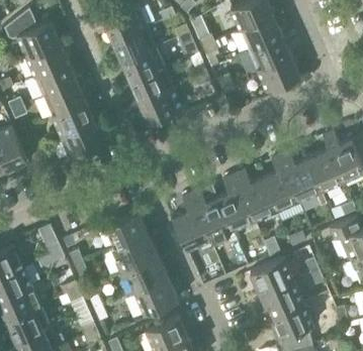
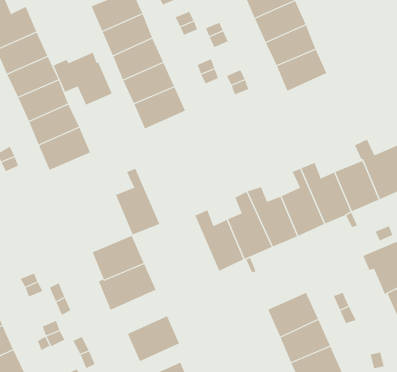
building: none -> [53,52,113,105]
building: [173,195,210,250] -> [115,168,160,235]
building: [120,256,168,292] -> none

